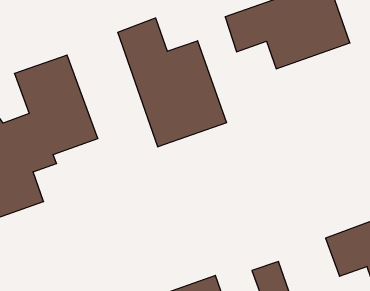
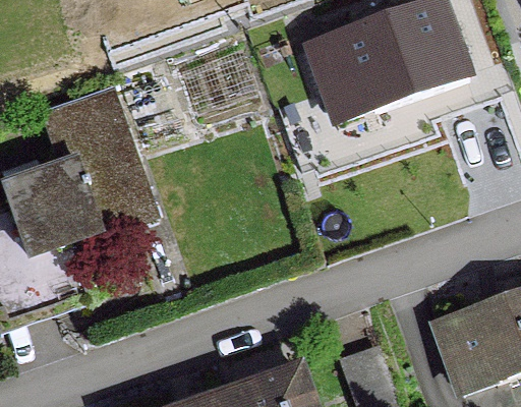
building: [118,18,226,147] -> none

